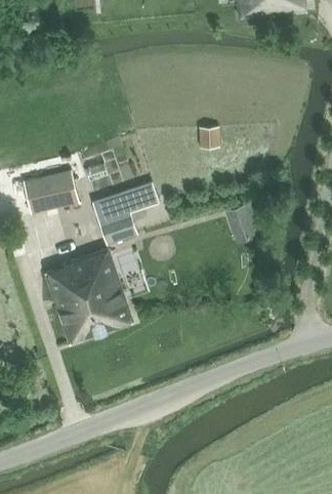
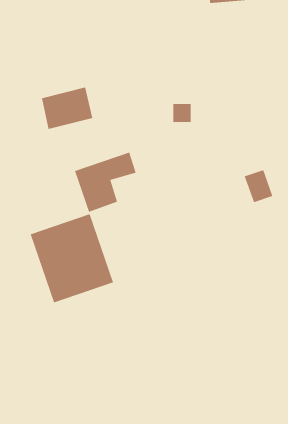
building: [23,168,79,214] -> [41,87,93,130]
building: [226,203,258,239] -> [244,170,273,203]

